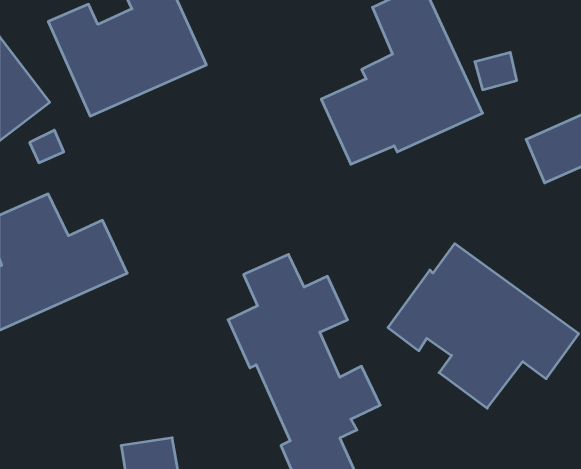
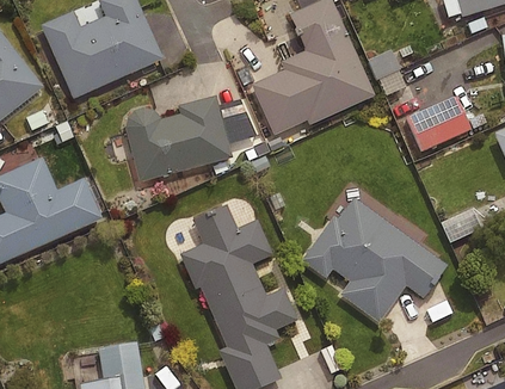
building: none -> [124,95,232,183]

